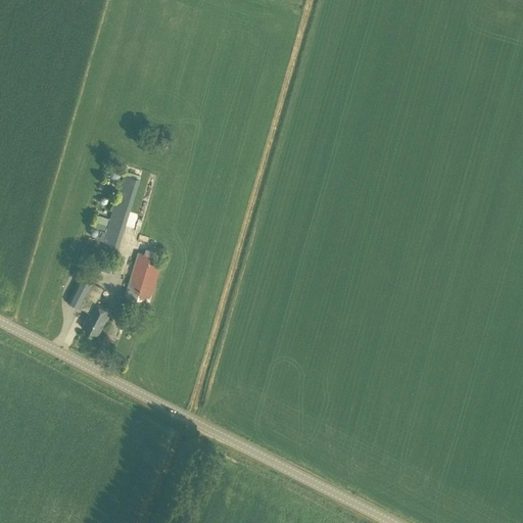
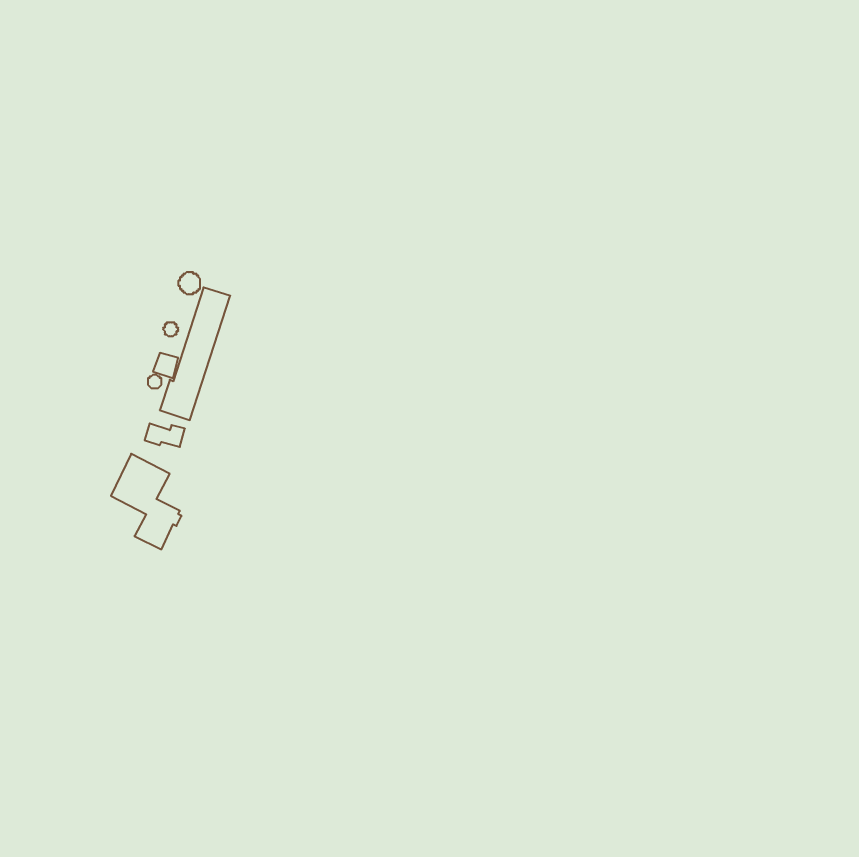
building: [124,248,162,304] -> none

